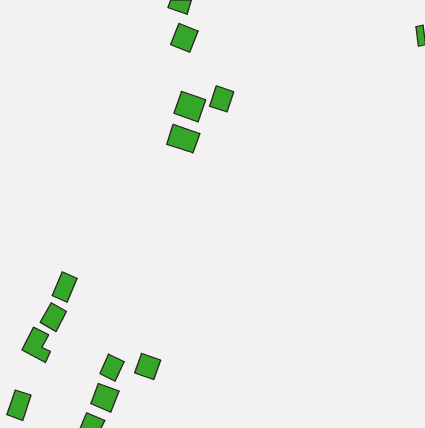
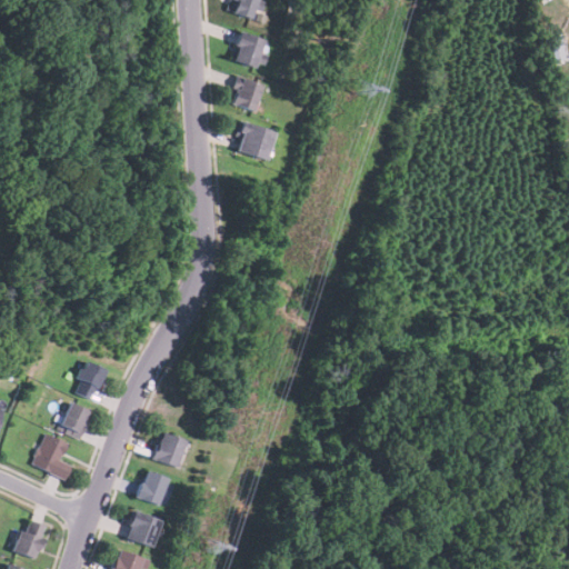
building: [209,86,234,112] -> [232,78,264,112]
building: [167,124,200,153] -> none
building: [135,353,161,379] -> [153,433,188,468]

